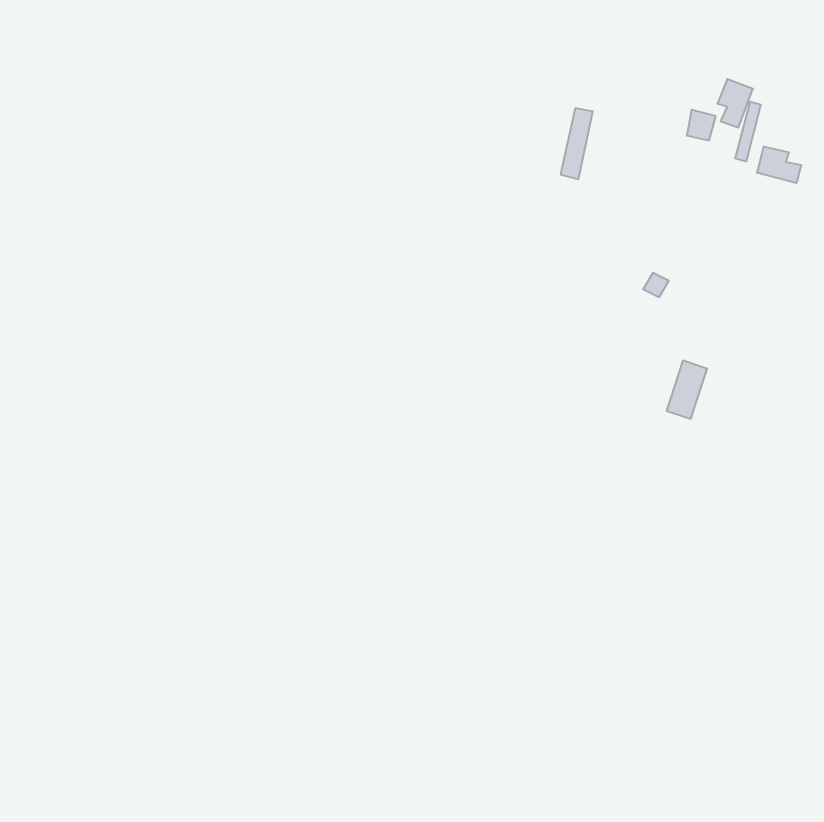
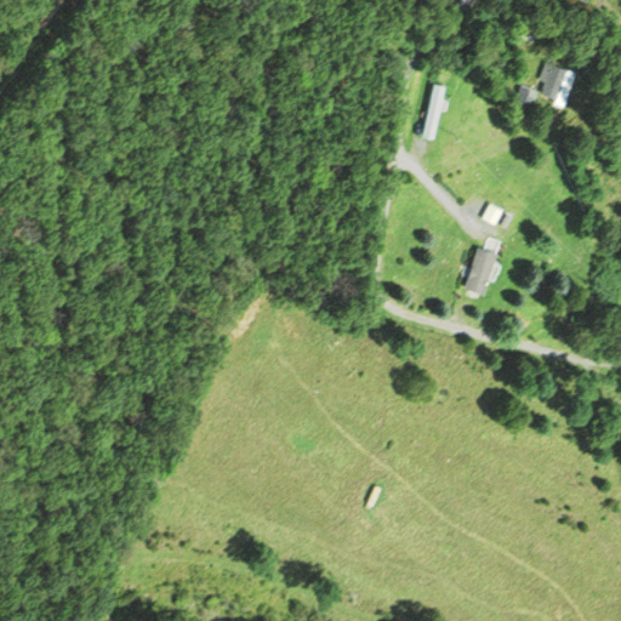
building: [757,146,801,183] -> none
building: [667,361,707,419] -> [466,249,496,292]

